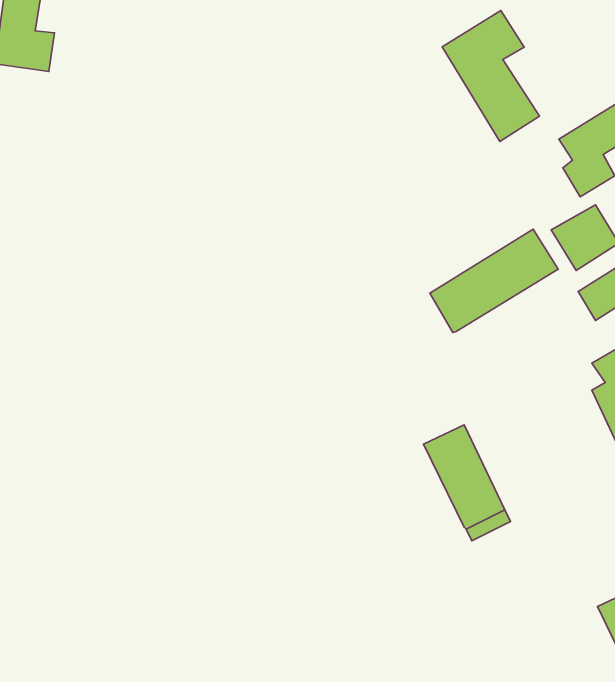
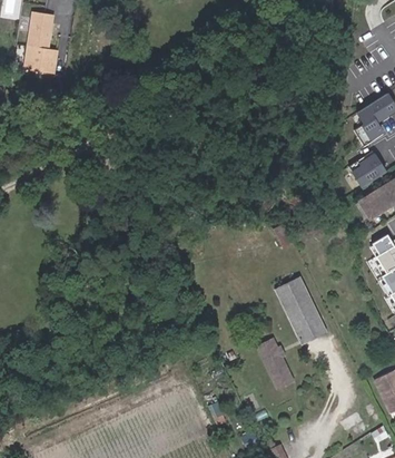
building: [442,10,540,141] -> none
building: [430,229,558,332] -> none
building: none -> [256,338,292,388]

